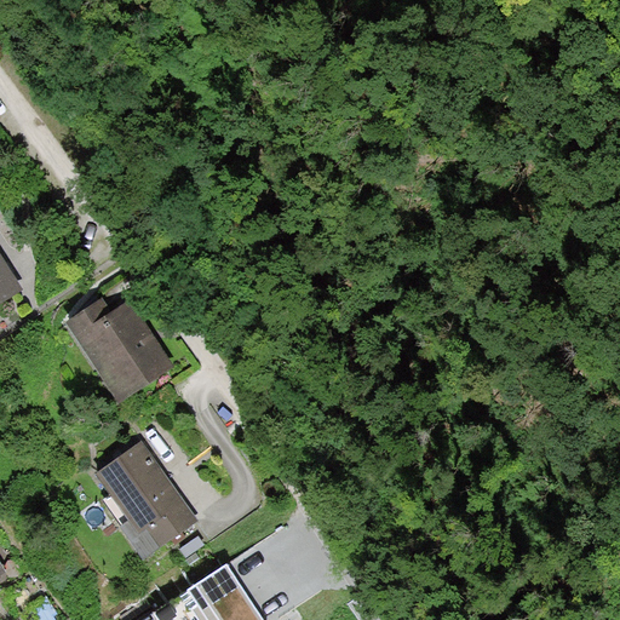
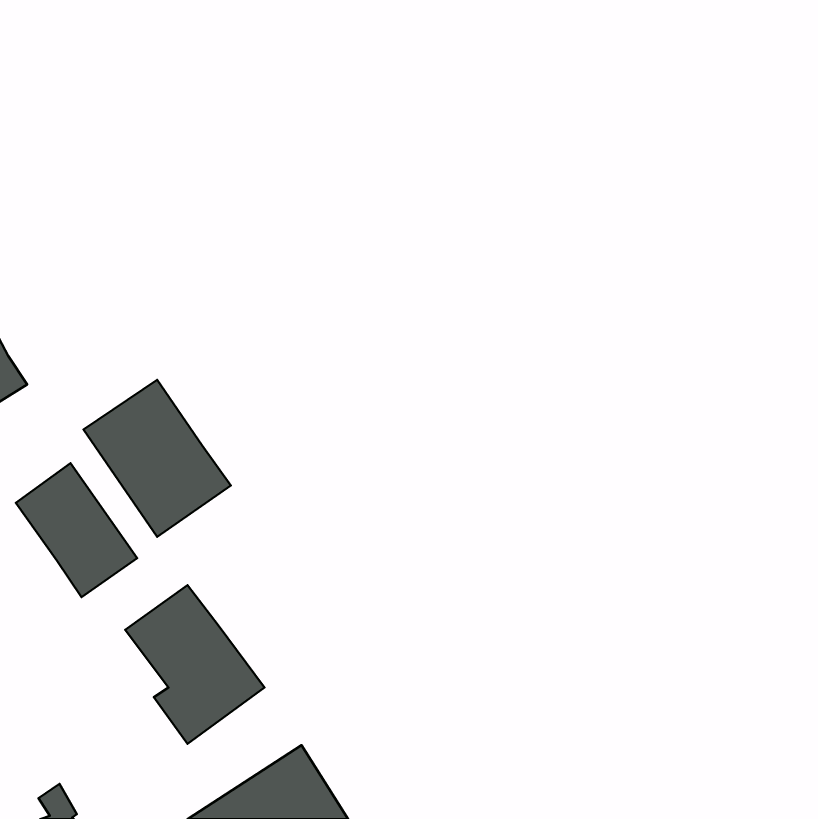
building: none -> [16,463,137,597]

